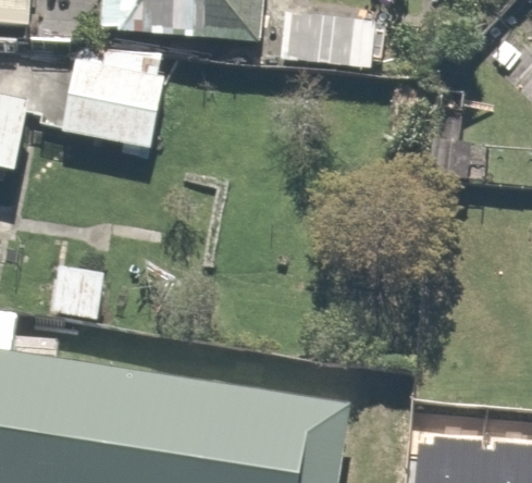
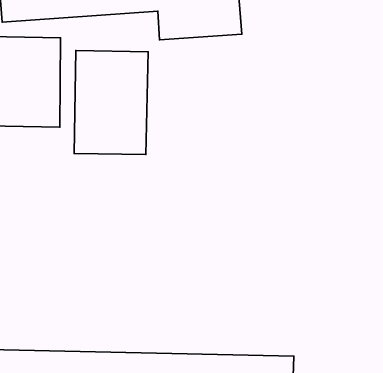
building: none -> [74,50,148,155]

